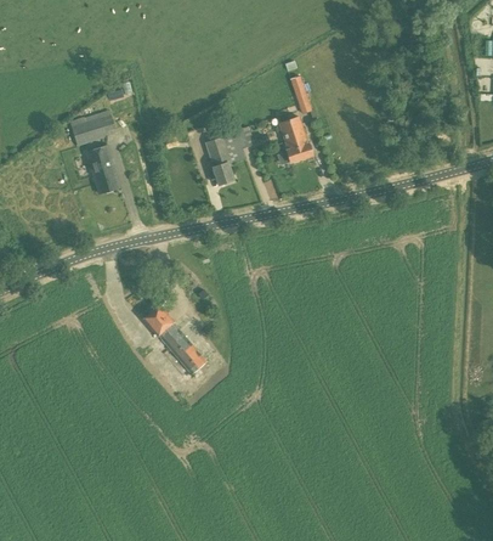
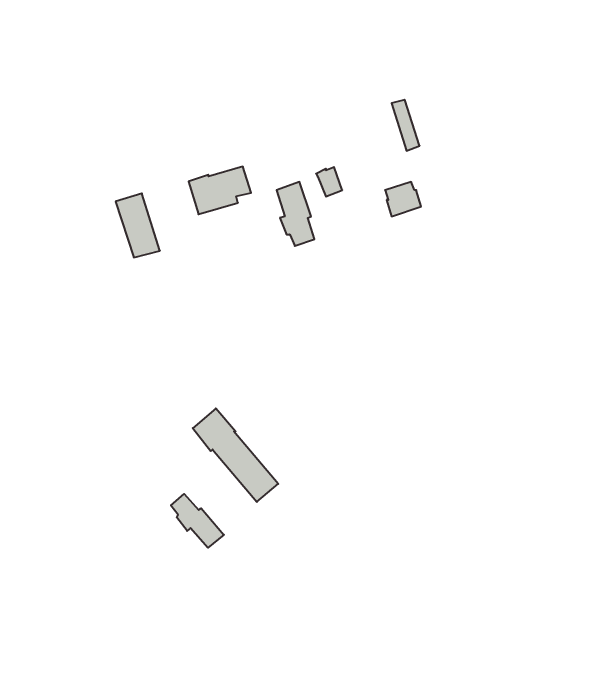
building: [70,111,117,146] -> [189,167,251,214]
building: [272,115,306,143] -> none
building: none -> [171,494,224,548]

